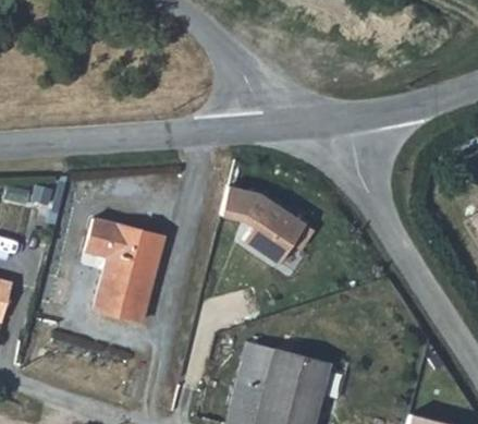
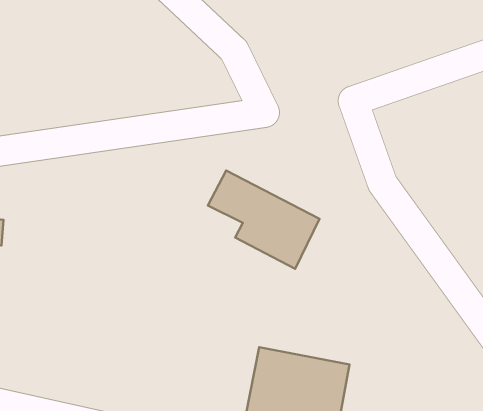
building: [86,218,166,320] -> none

